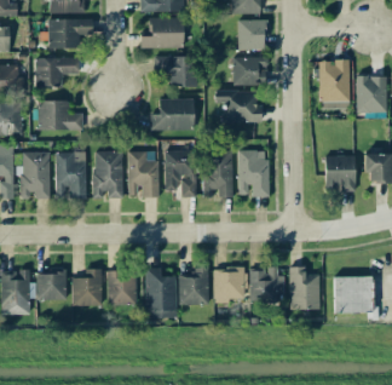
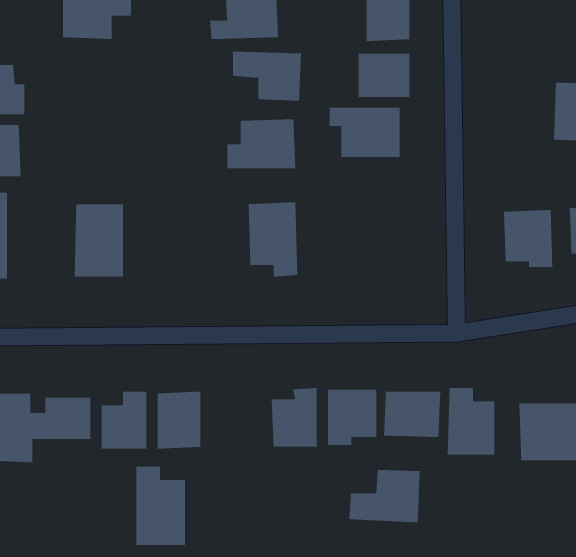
building: [35,56,79,88] -> none
building: [319,59,351,108] -> none
building: [39,100,83,130] -> none
building: [238,150,269,196] -> none
building: [19,151,51,199] -> none
building: [94,151,123,199] -> none
building: [128,151,160,197] -> none
building: [202,151,234,197] -> none
building: [145,268,177,317] -> [136,466,186,545]
building: none -> [349,469,420,523]

